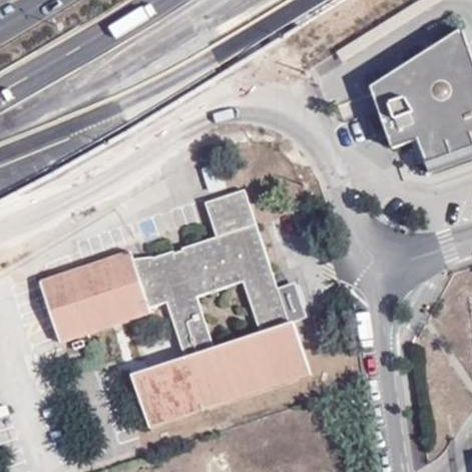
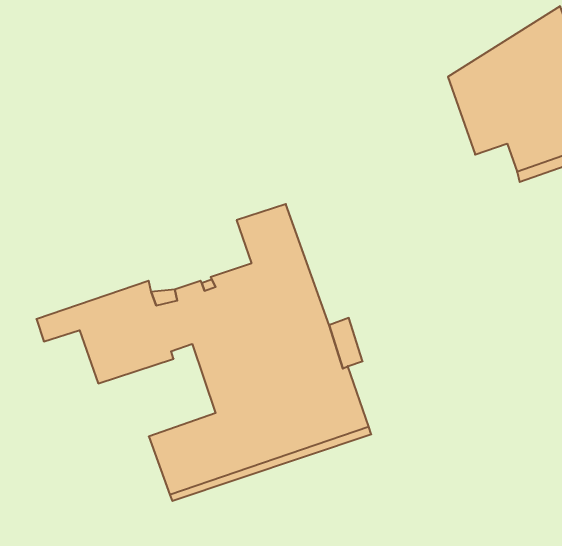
building: [43,290,87,342] -> none

